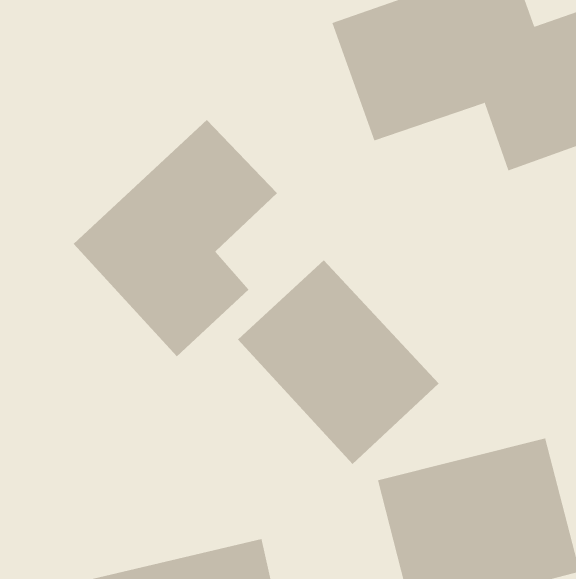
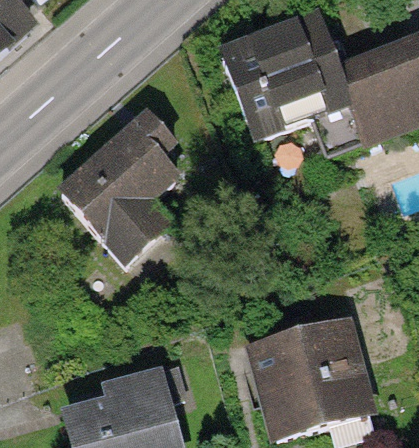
building: [237,260,440,465] -> none

